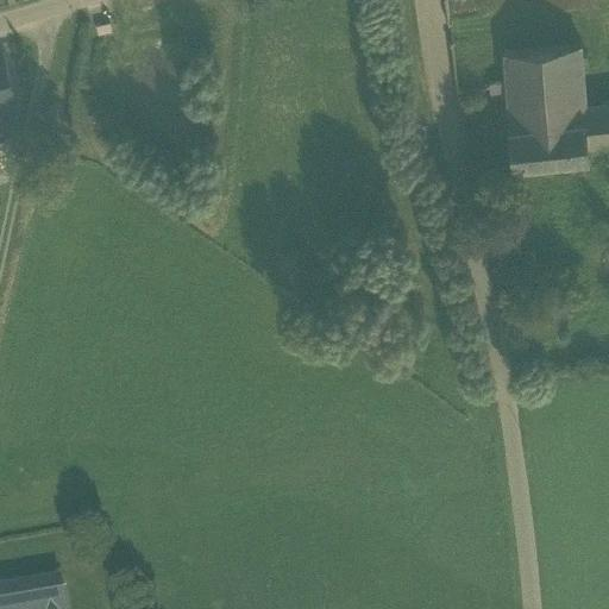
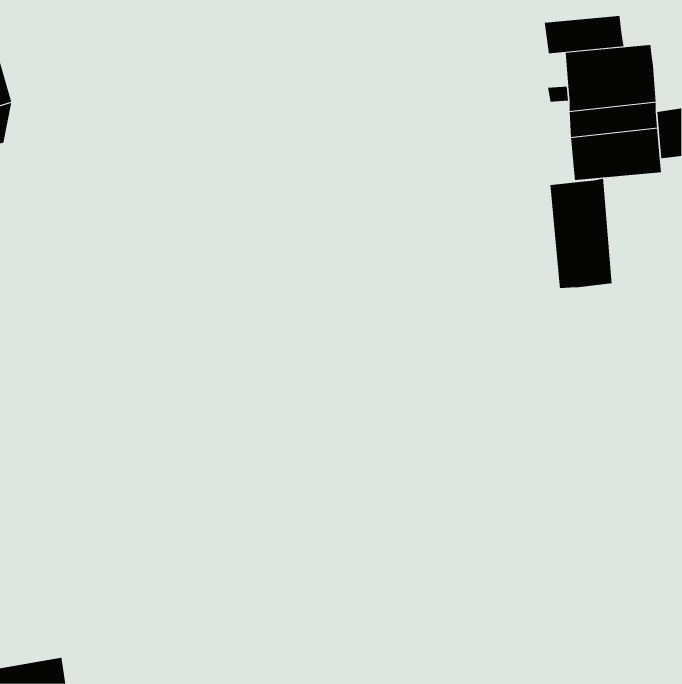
building: none -> [544,15,624,54]
building: none -> [550,178,612,289]

